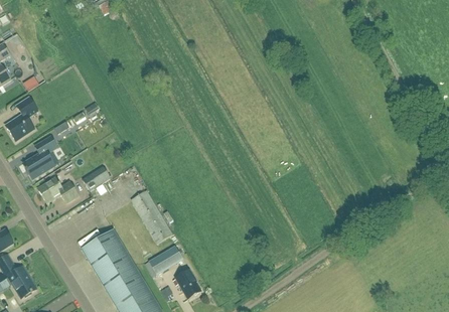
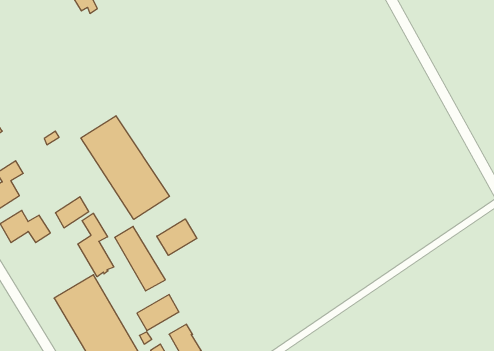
building: none -> [81,116,169,219]
building: none -> [78,213,114,277]
building: none -> [157,219,197,255]

